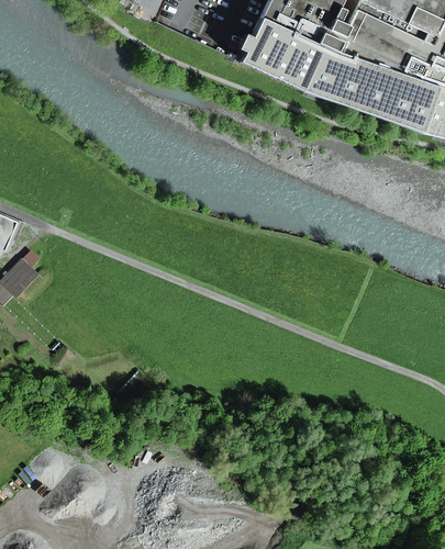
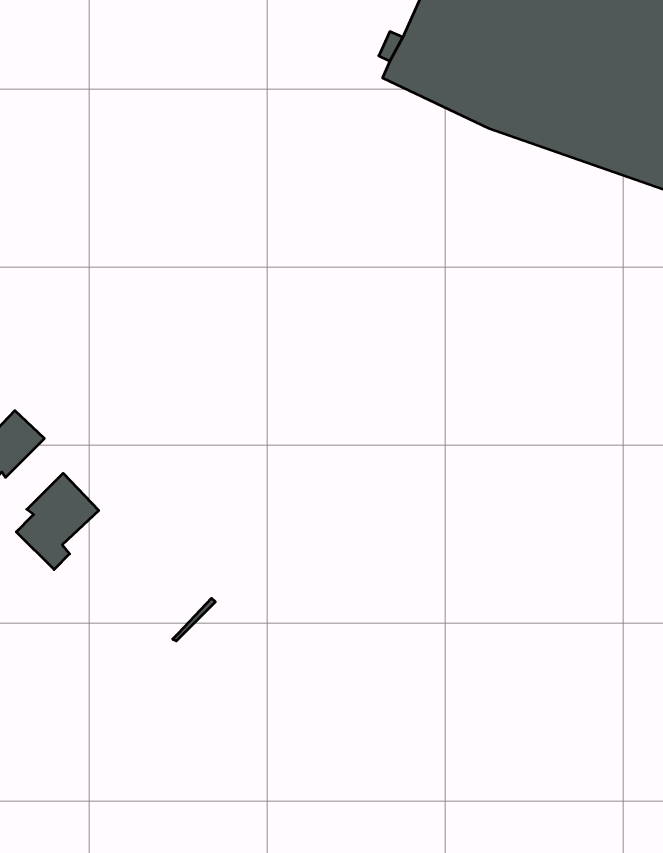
building: none -> [16,473,99,570]

